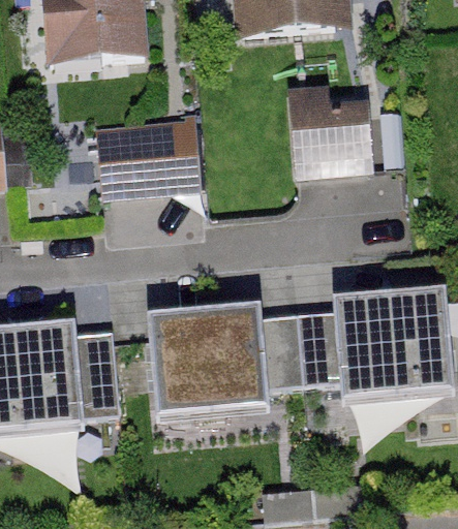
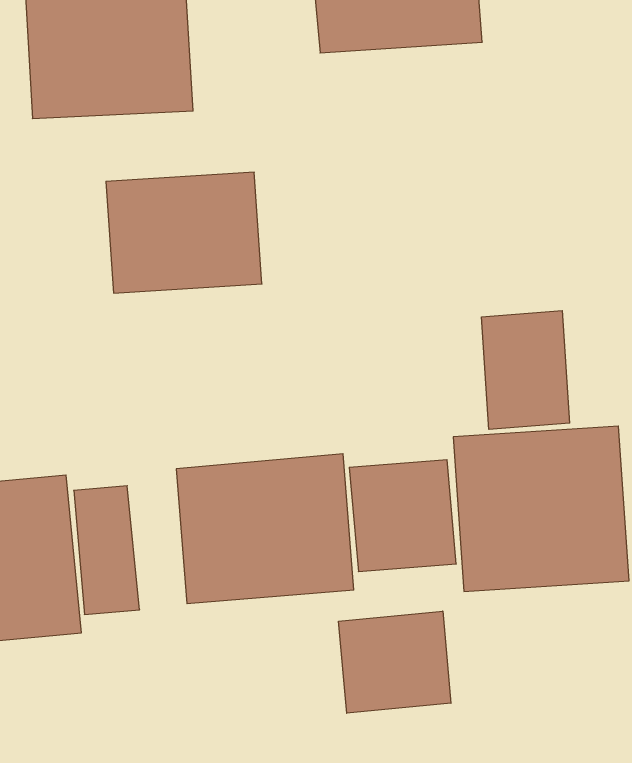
building: [289,90,378,177] -> none
building: none -> [482,311,570,429]
building: none -> [339,611,451,713]

